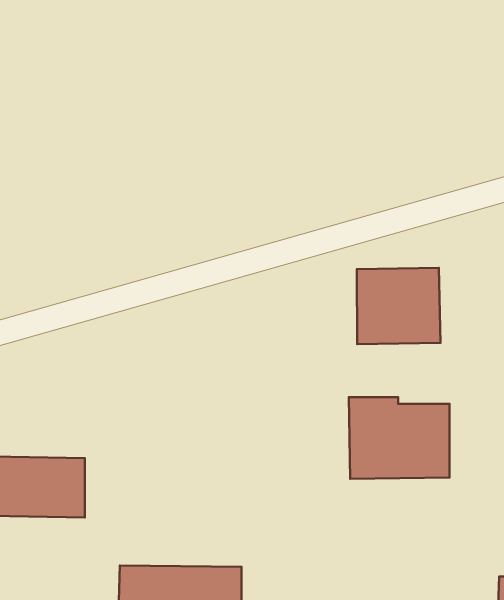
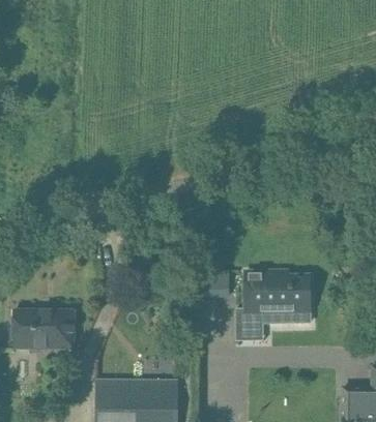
building: [357,268,441,344] -> none

